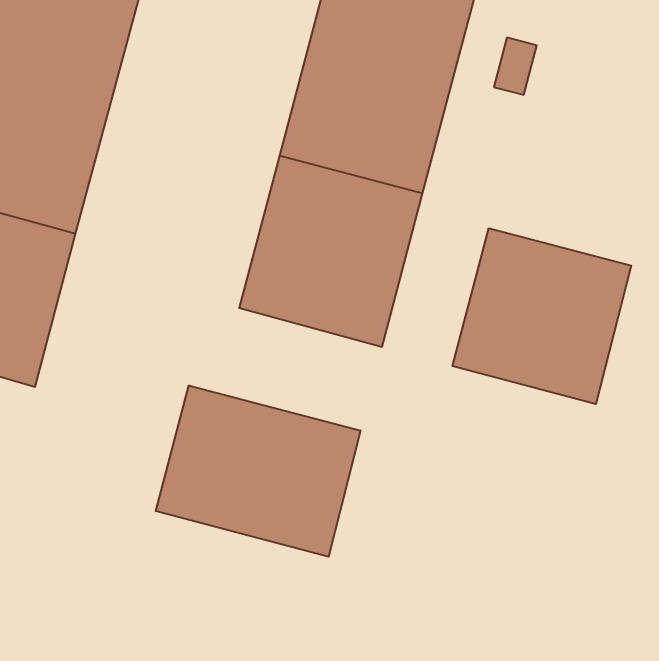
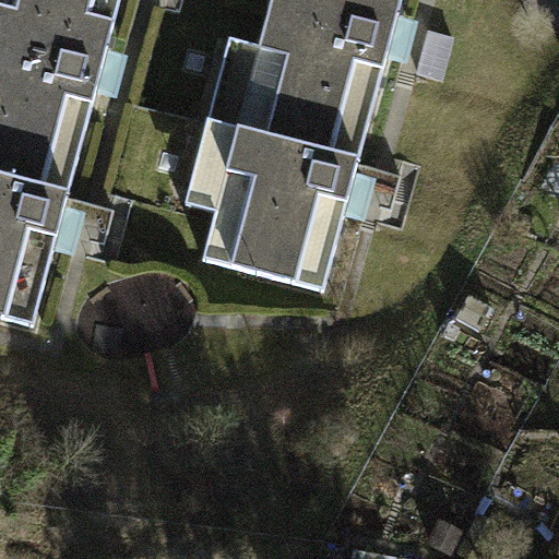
building: [453,228,631,404] -> none
building: [156,385,360,557] -> none

